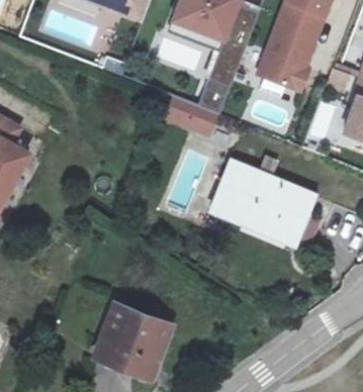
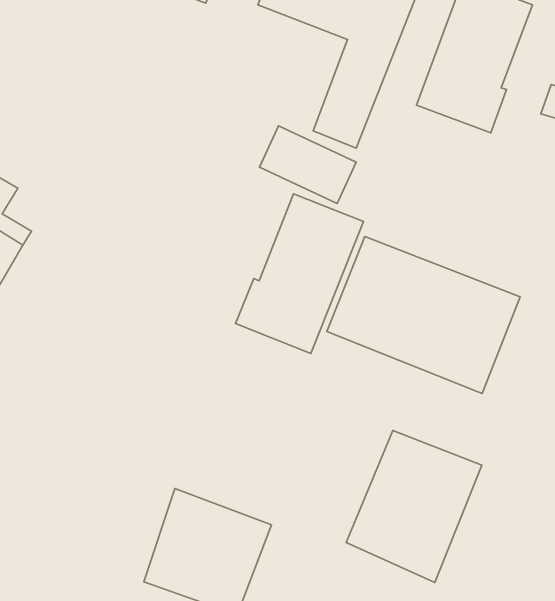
building: none -> [236,194,364,353]
building: none -> [346,431,482,583]

